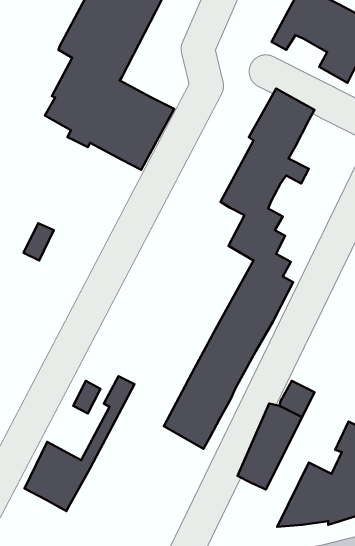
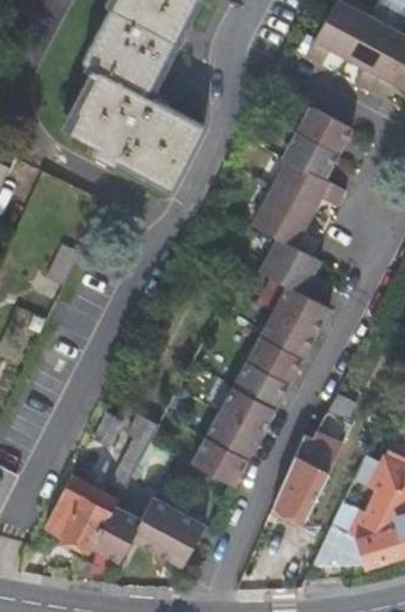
building: none -> [91,496,204,568]

